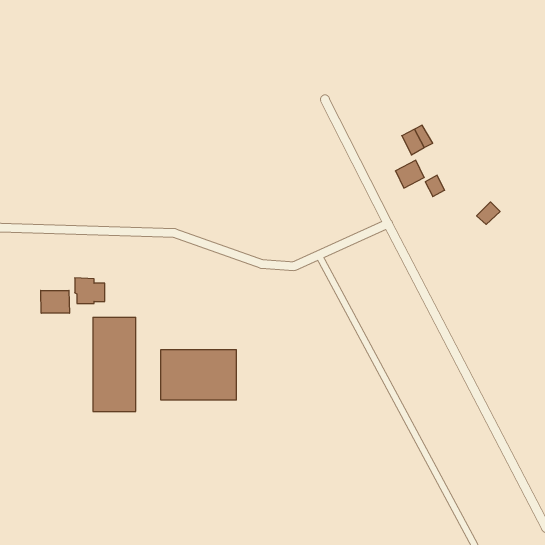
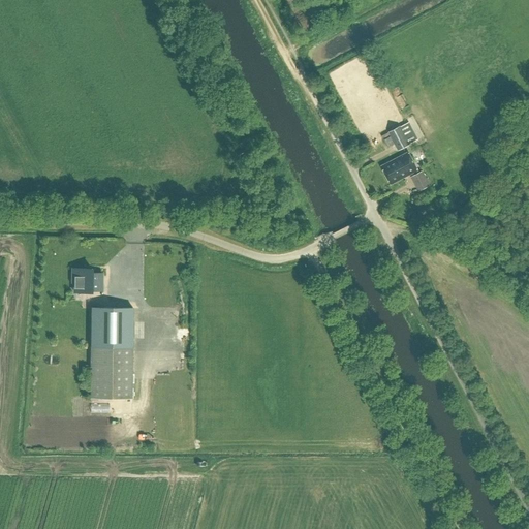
building: [41,290,69,313] -> none
building: [161,350,236,400] -> none

